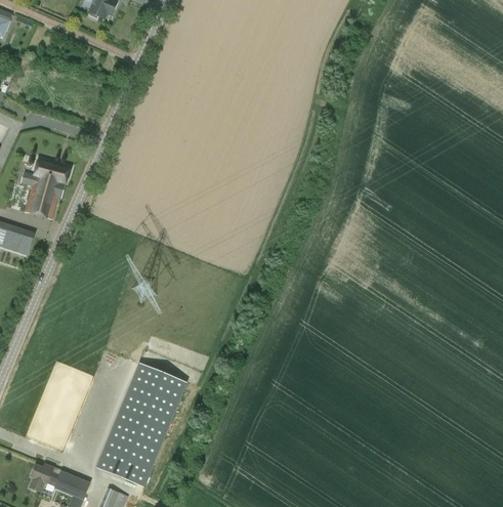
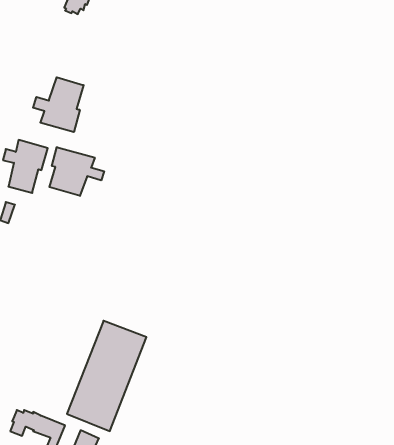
building: none -> [33,77,84,132]
building: none -> [49,147,104,196]

